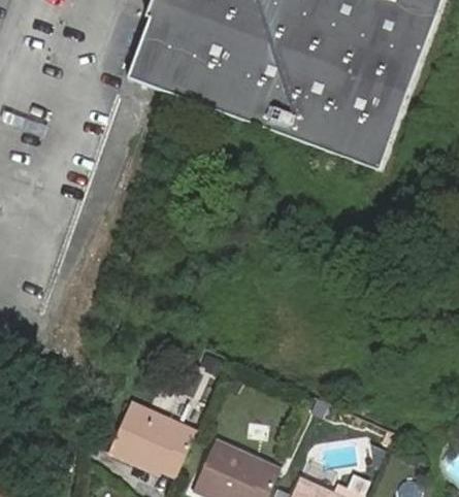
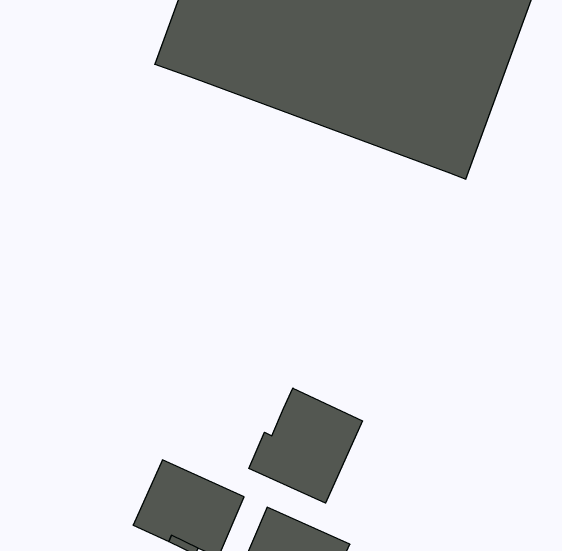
building: none -> [249,388,362,503]

